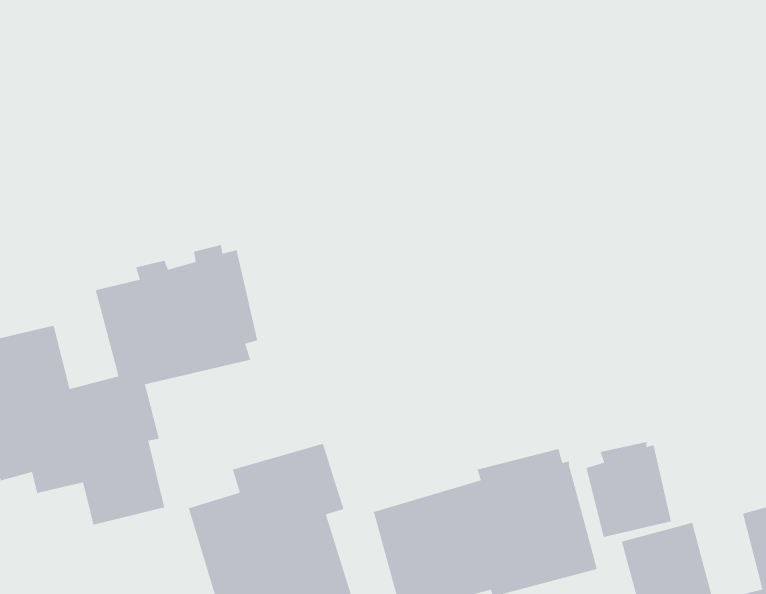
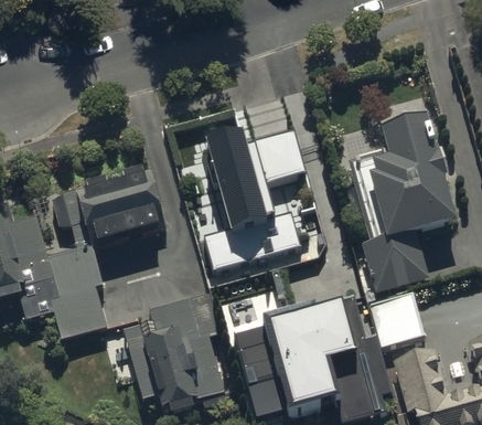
building: none -> [200,120,304,269]
building: none -> [353,125,458,291]

